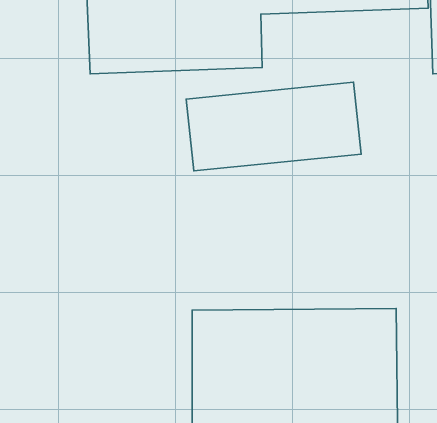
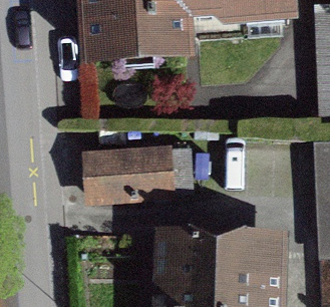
building: [186,82,361,171] -> [76,142,192,201]

